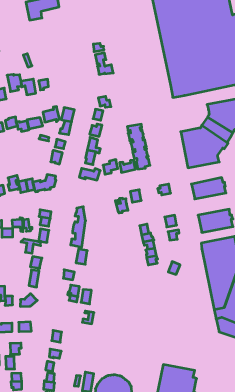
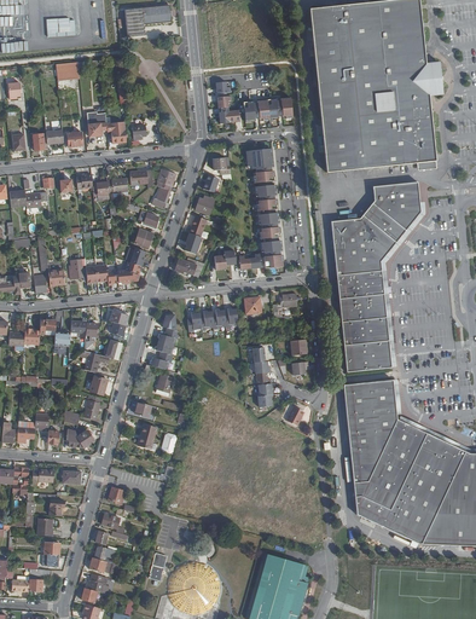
building: none -> [244,100,294,123]
building: none -> [242,146,273,203]
building: none -> [333,268,383,296]
building: none -> [338,314,387,342]
building: none -> [190,307,226,330]

